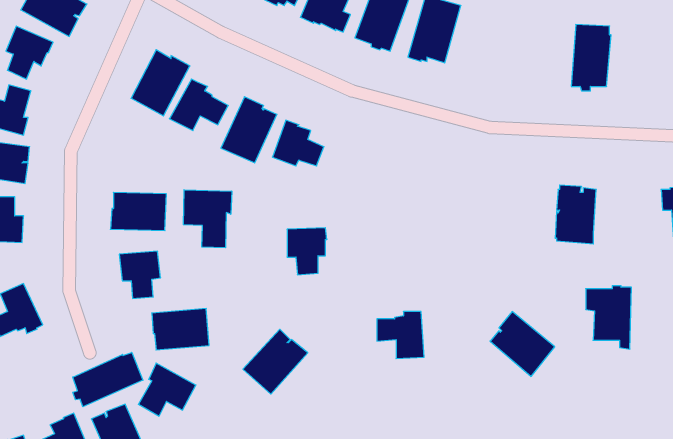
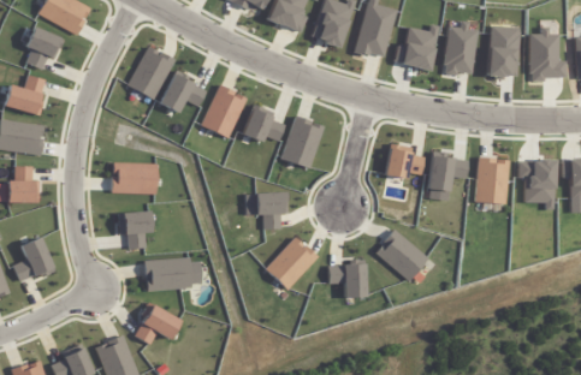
building: none -> [443,19,478,76]
building: none -> [395,24,439,71]
building: none -> [529,28,565,82]
building: none -> [280,115,325,169]
building: none -> [384,143,425,179]
building: none -> [427,151,468,191]
building: [183,190,232,248] -> none
building: [586,286,631,349] -> [517,159,555,210]
building: [490,312,555,376] -> [375,228,428,281]
building: [243,329,308,394] -> [265,237,318,290]
building: [73,352,143,407] -> none

